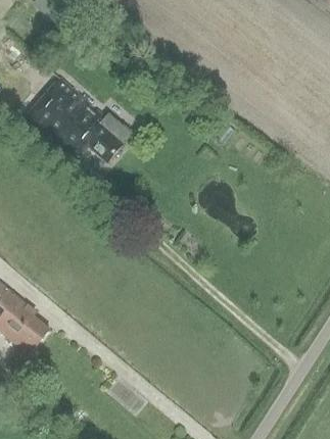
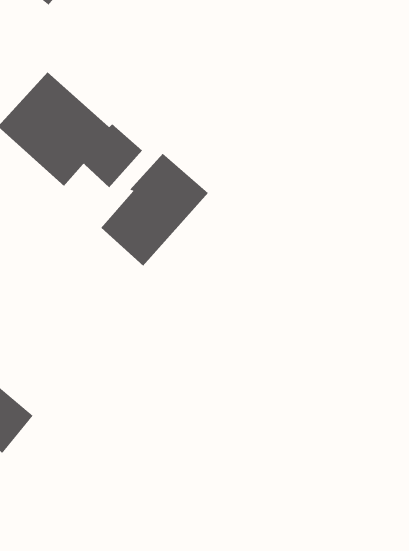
building: none -> [101,153,209,267]

